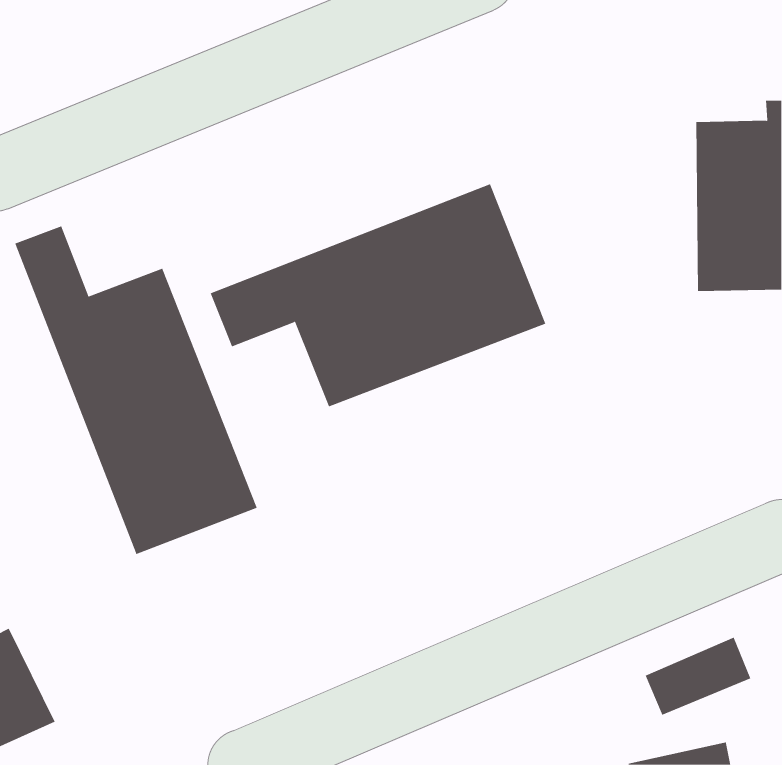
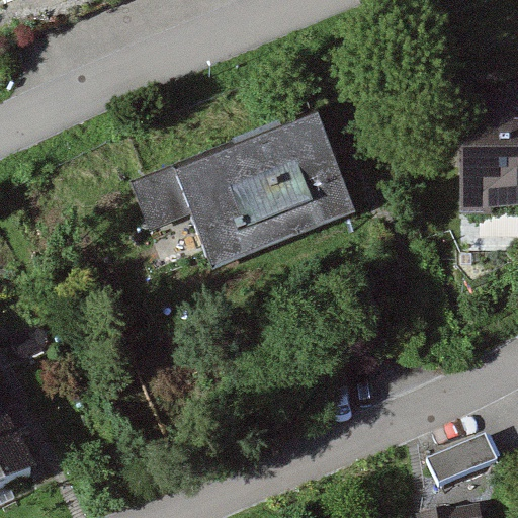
building: [14,225,258,555] -> none

